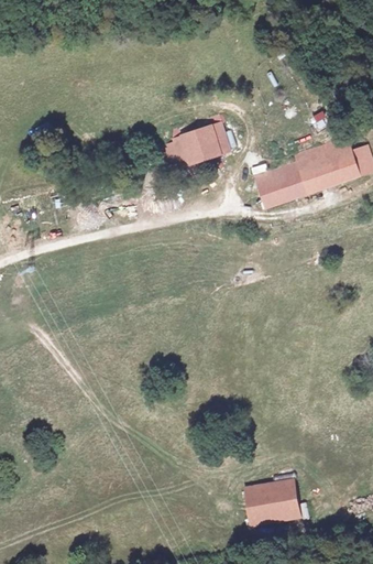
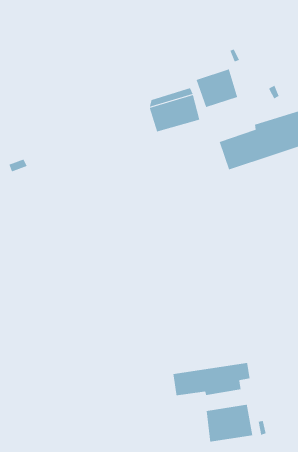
building: none -> [196,69,238,108]
building: none -> [173,362,250,396]

